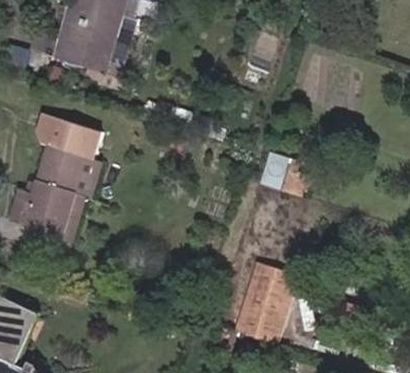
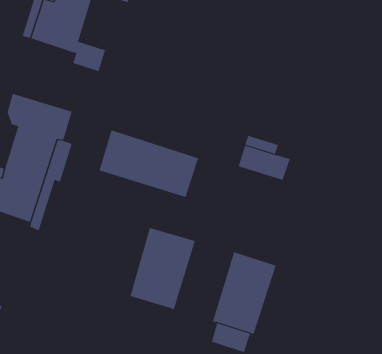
building: none -> [99,129,199,198]
building: none -> [130,227,196,310]

